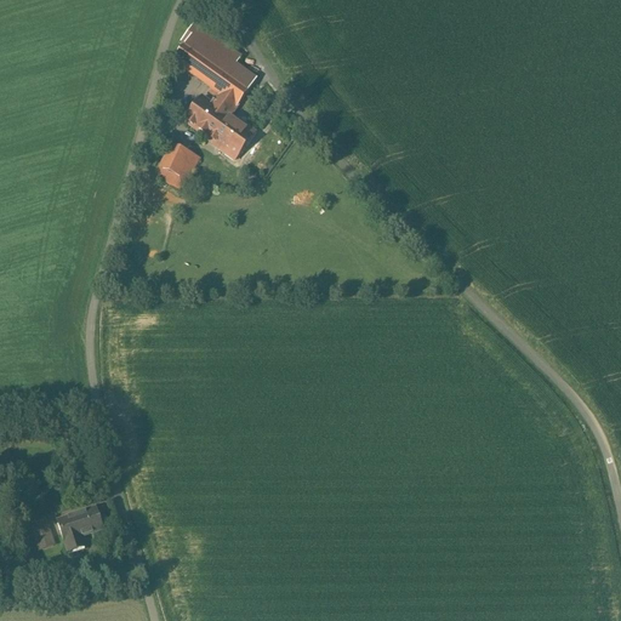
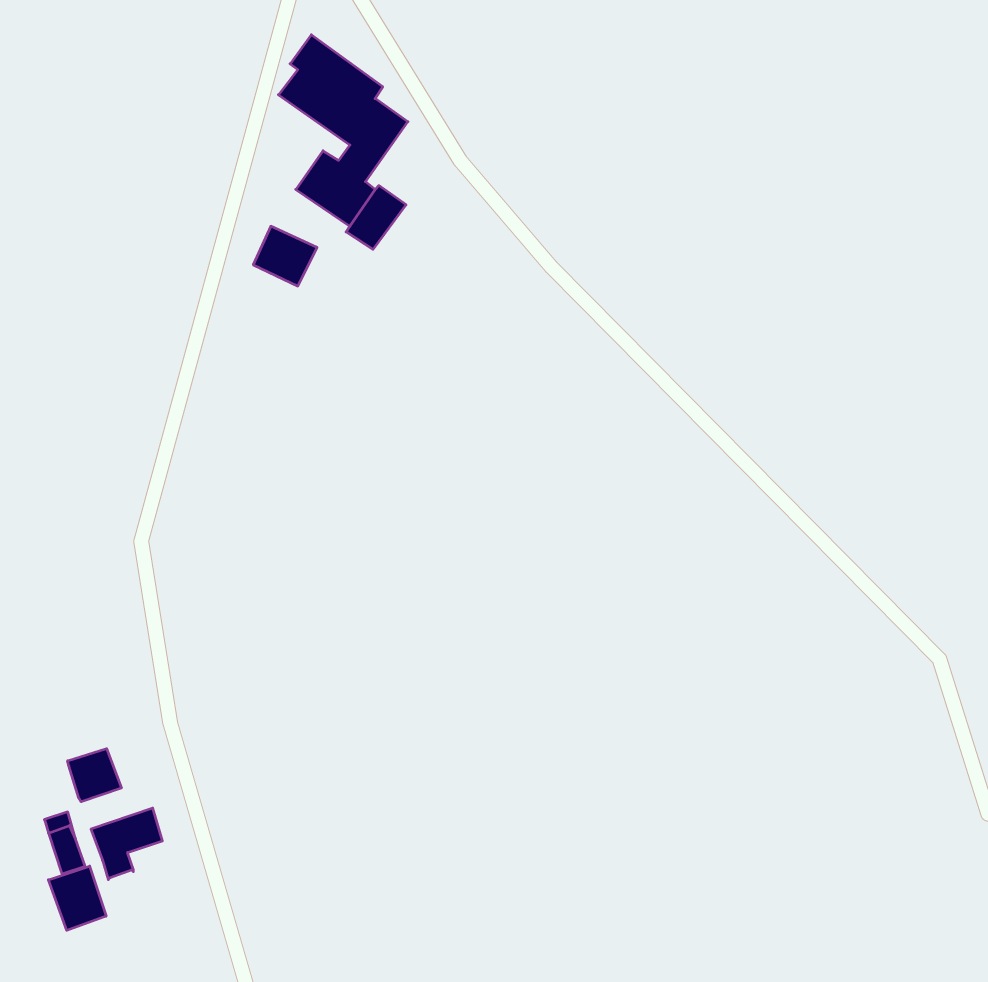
building: none -> [68,749,121,802]
building: none -> [48,866,106,930]

